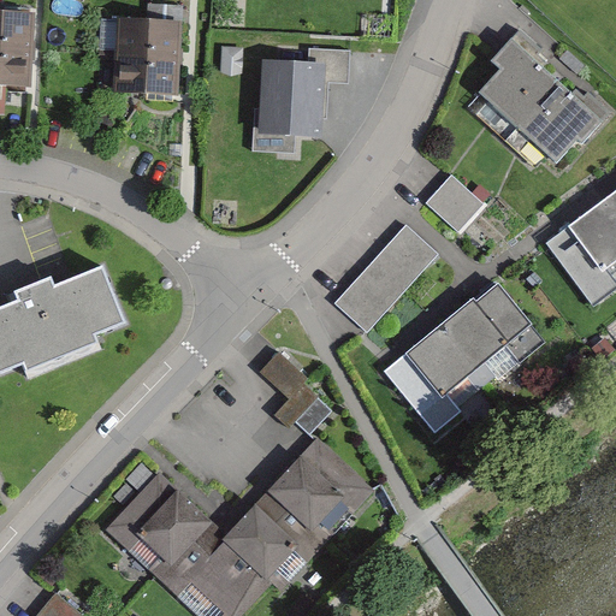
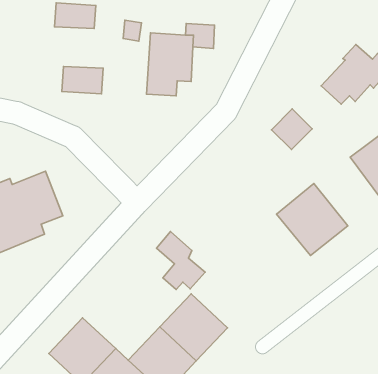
building: [474,29,555,138] -> none
building: [114,53,174,93] -> [62,67,103,94]
building: [334,224,439,331] -> none
building: [384,325,488,431] -> none

